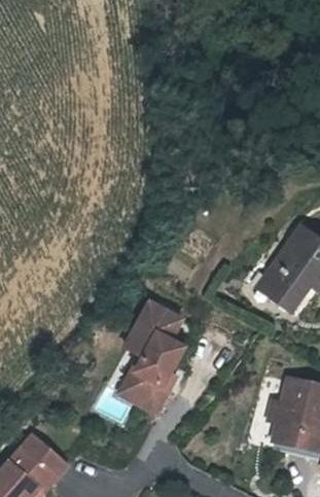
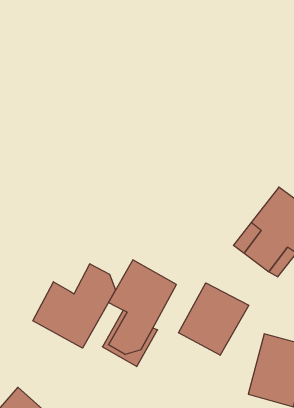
building: none -> [33,264,115,348]
building: none -> [179,283,249,355]

